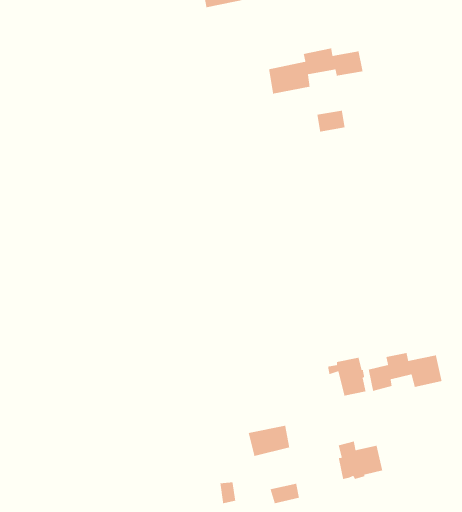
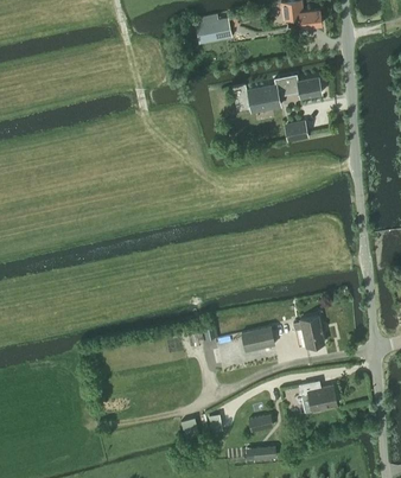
building: [368,352,443,392] -> none
building: [248,425,290,457] -> [241,326,274,351]

